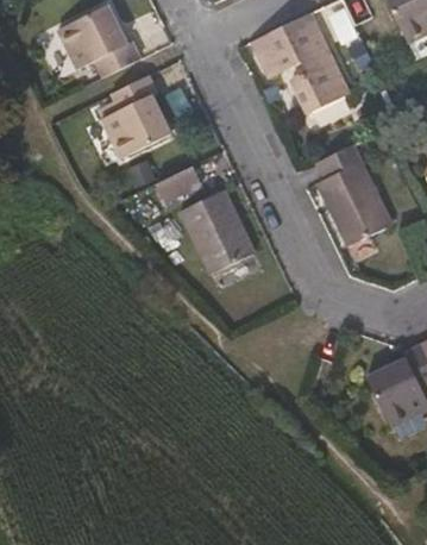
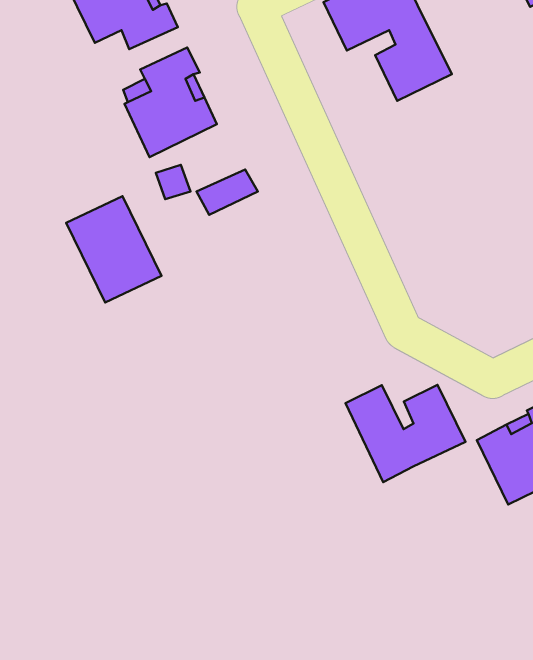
building: [322,143,394,243] -> none
building: [182,193,255,274] -> [66,196,162,303]
building: none -> [346,385,465,482]

